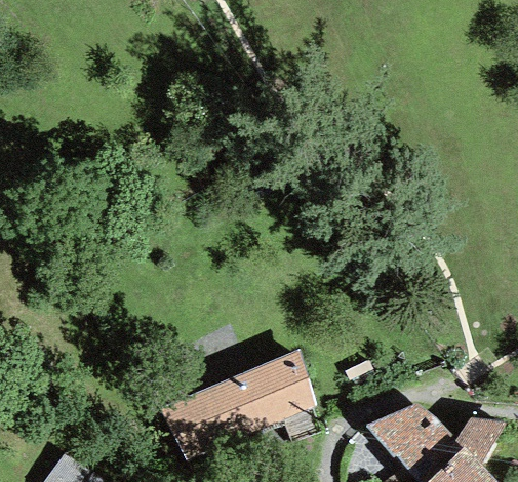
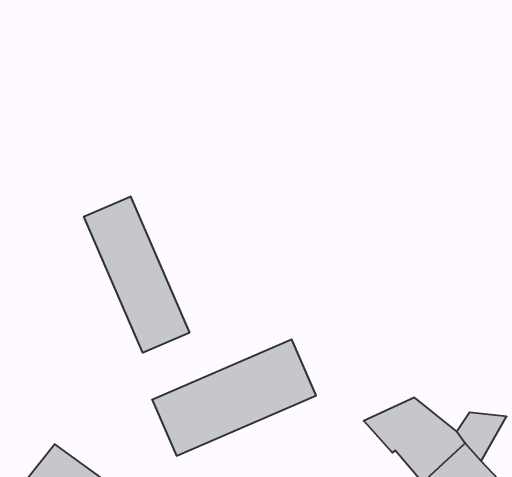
building: none -> [84,196,189,353]

